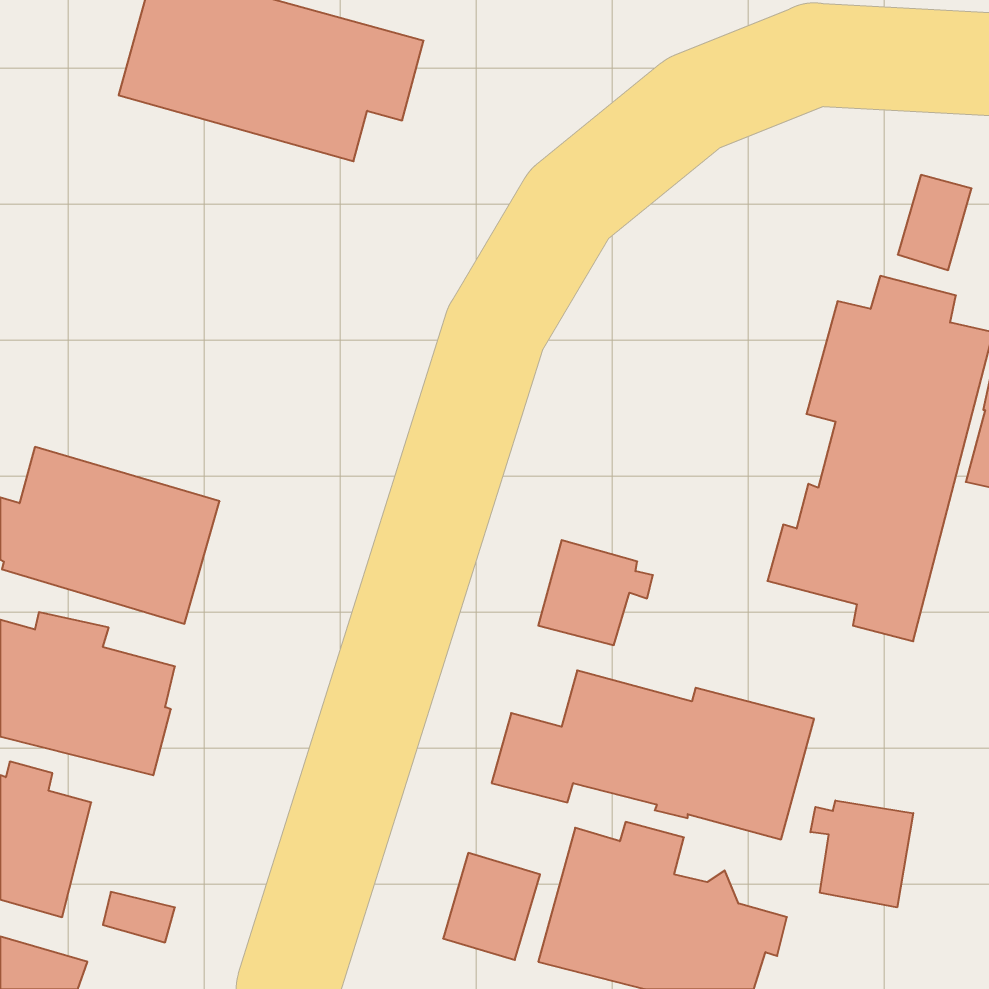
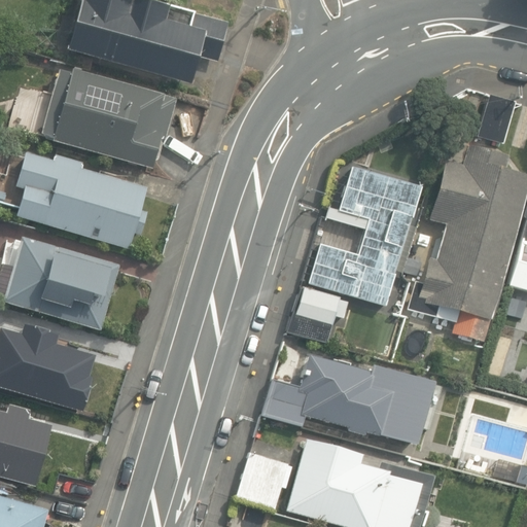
building: none -> [42,68,179,168]
building: none -> [13,148,150,250]
building: none -> [310,169,420,304]
building: [810,800,913,907] -> none

